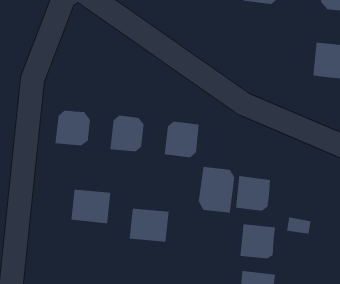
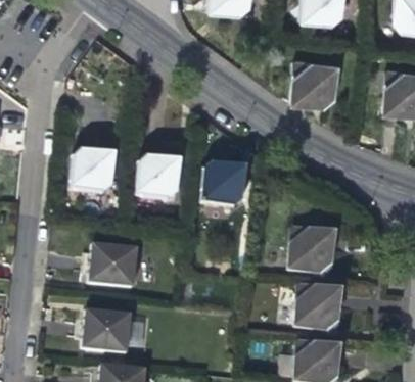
building: none -> [288,60,333,104]
building: [198,166,235,214] -> none
building: [129,208,170,243] -> [82,309,131,351]

